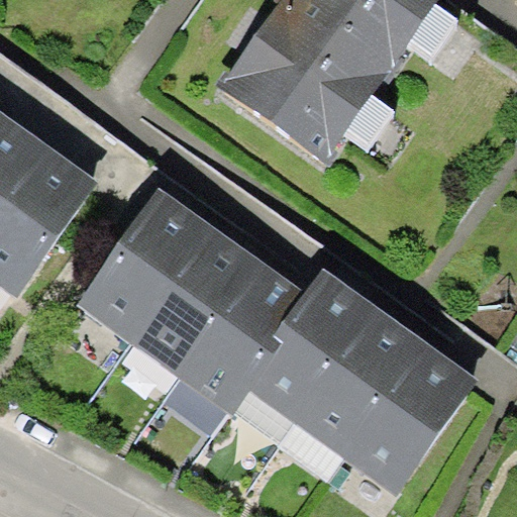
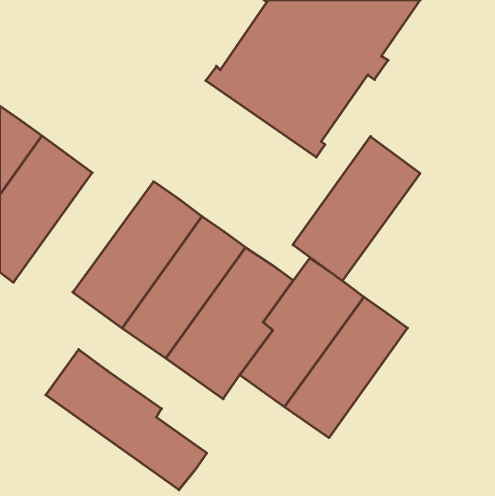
building: none -> [293,136,420,281]
building: [342,341,477,494] -> none
building: none -> [46,349,207,490]

